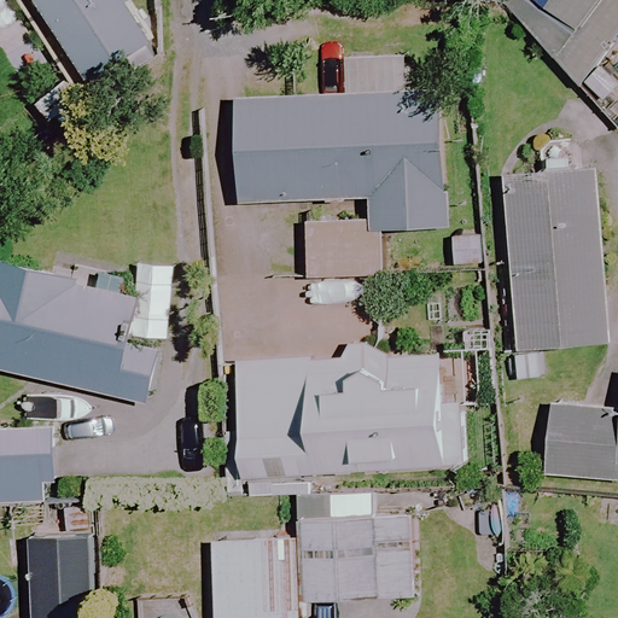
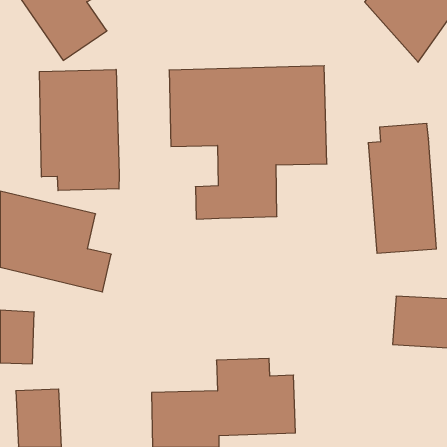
building: none -> [39,69,119,191]
building: [234,356,464,471] -> none

